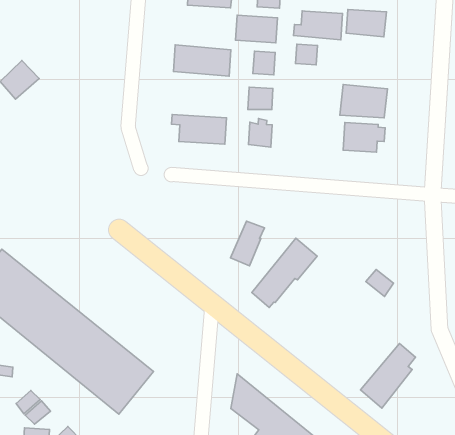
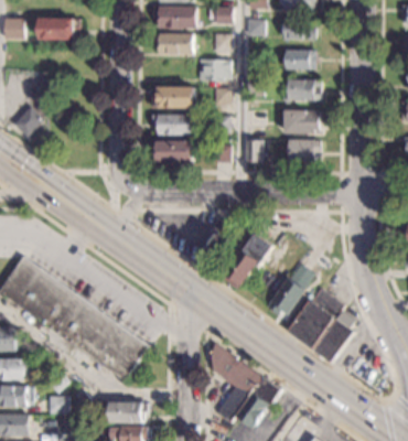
building: [294,11,343,40] -> [282,79,320,100]
building: none -> [152,114,192,135]
building: none -> [245,139,267,162]
building: none -> [268,263,313,315]
building: none -> [288,288,343,348]

